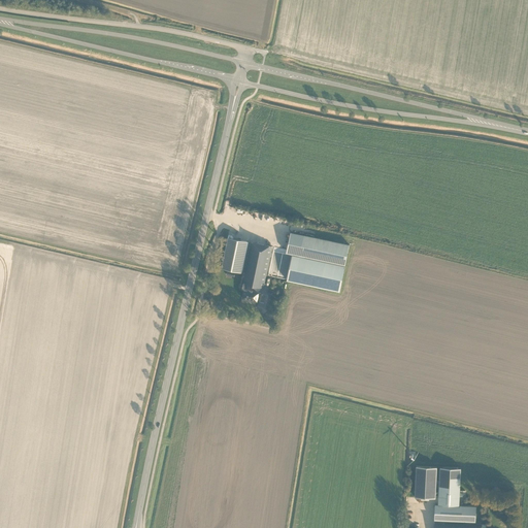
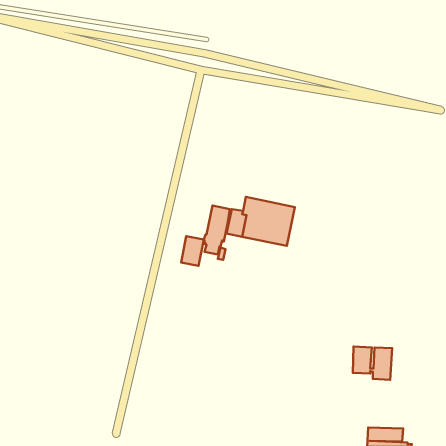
building: [222,238,249,273] -> [181,236,204,266]
building: [414,466,460,505] -> [353,347,392,380]

